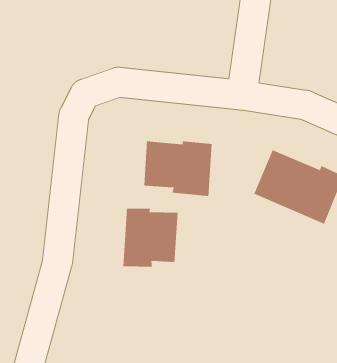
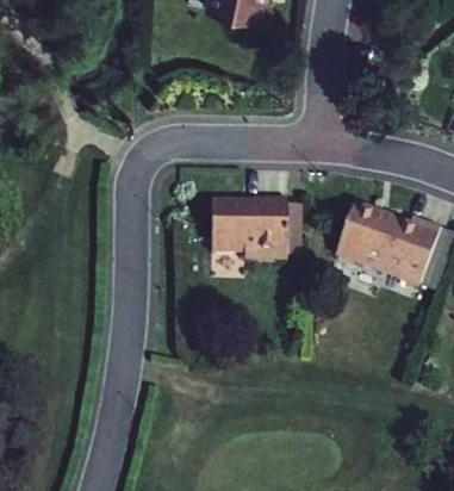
building: [123,208,178,268] -> none

